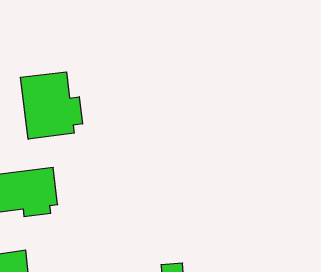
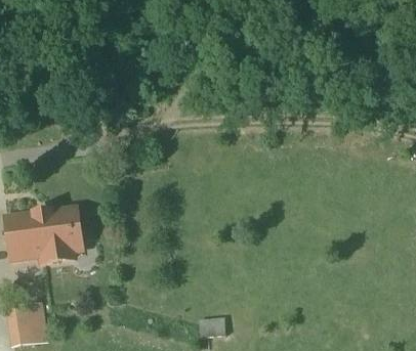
building: [20,72,83,139] -> none

